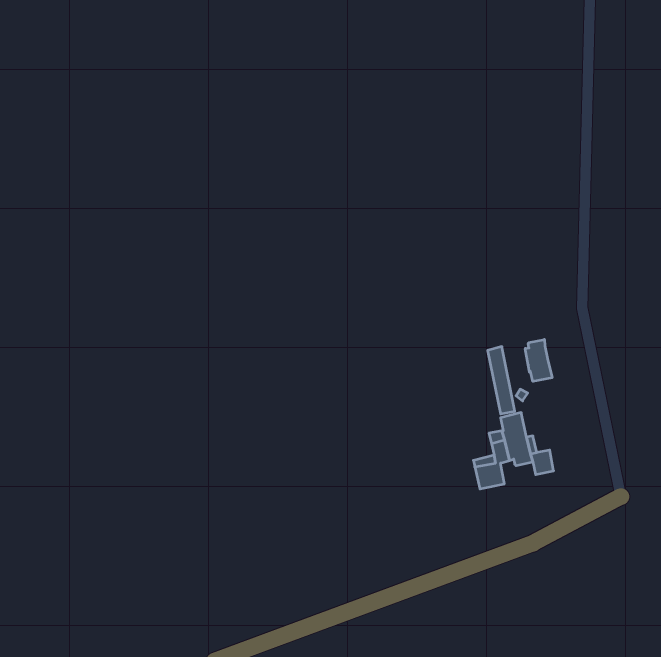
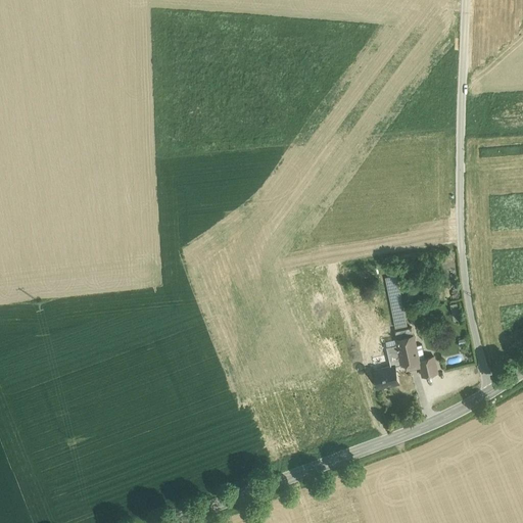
building: [525,339,552,381] -> none

